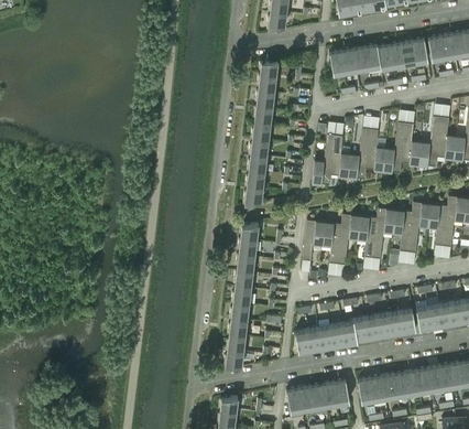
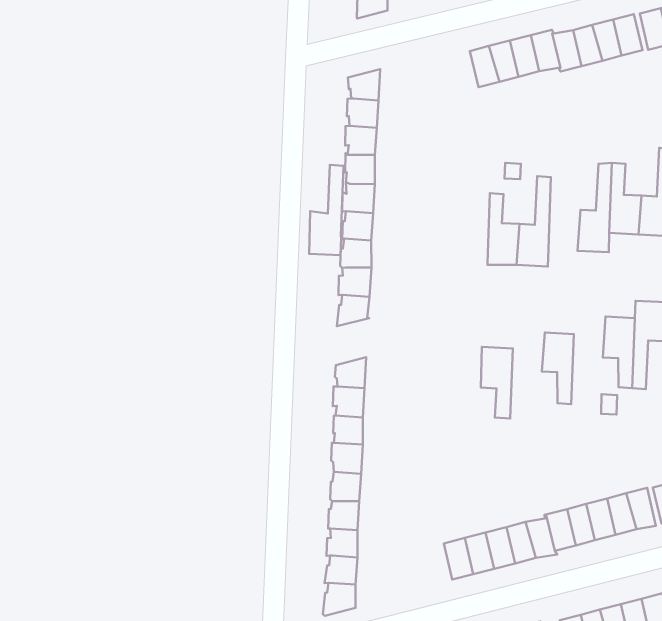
building: [367,128,386,171] -> none
building: [313,133,336,185] -> [309,165,344,255]
building: [373,208,396,258] -> none
building: [338,214,361,265] -> none
building: [303,219,325,260] -> none

